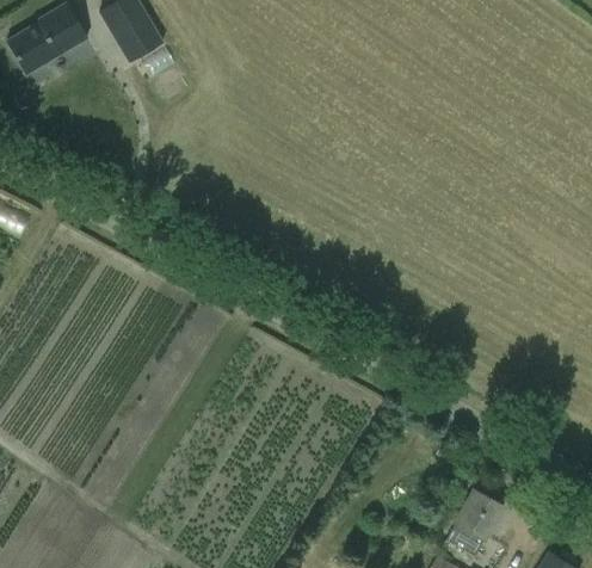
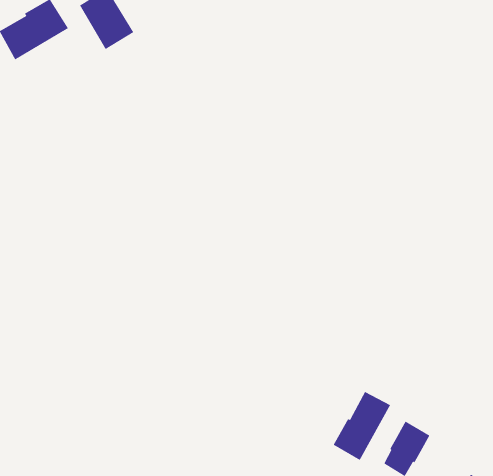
building: none -> [333,391,391,461]

